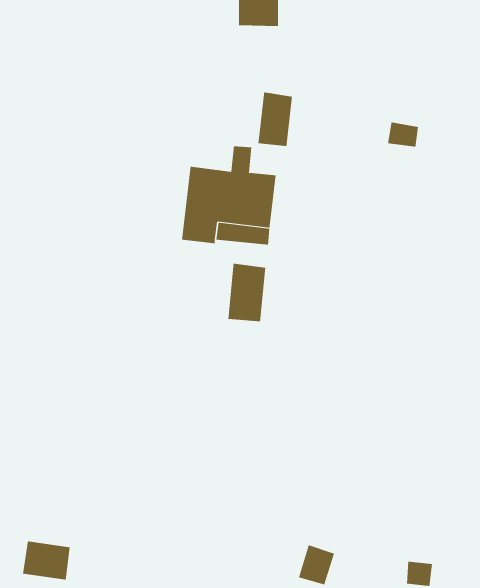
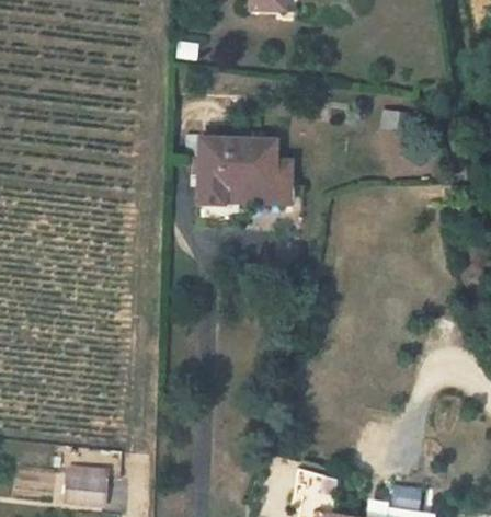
building: [258,92,293,147] -> none
building: [228,263,266,322] -> none

